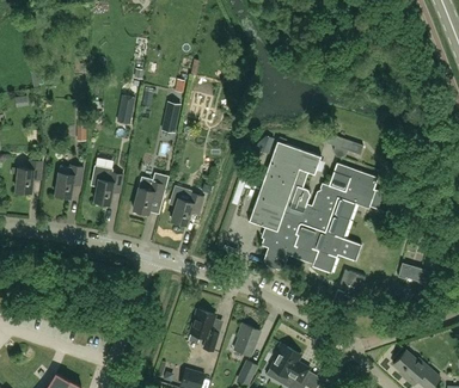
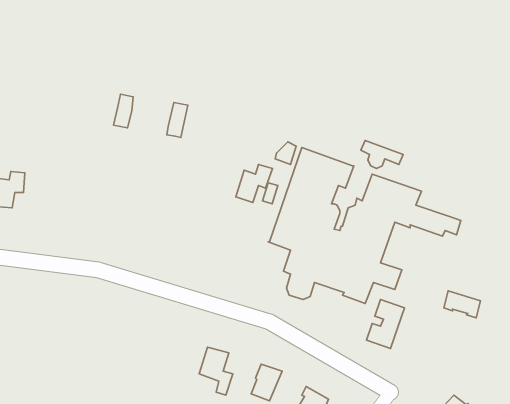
building: [55,166,84,198] -> none
building: [92,167,123,207] -> none
building: [134,178,164,216] -> none
building: [172,193,203,226] -> [236,164,272,202]

